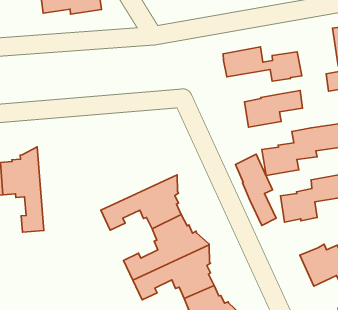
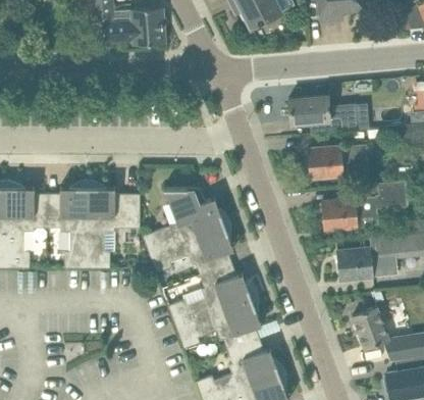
building: none -> [142,188,230,252]
building: none -> [87,181,140,268]
building: [235,154,276,226] -> none

